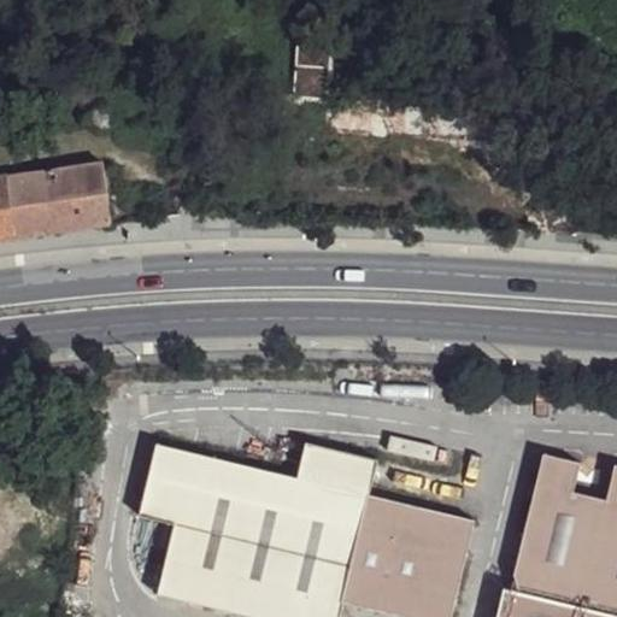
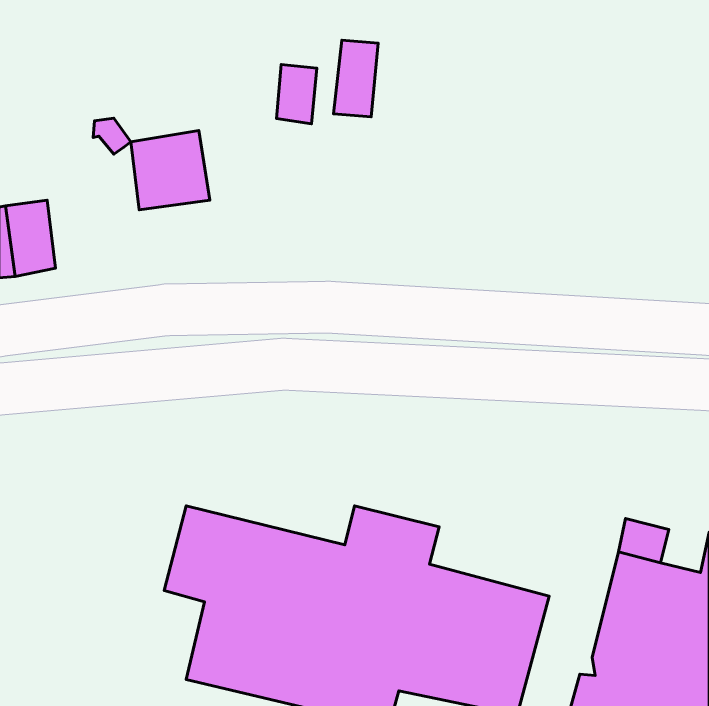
building: none -> [276,64,317,124]
building: [41,168,110,236] -> [131,131,210,210]

